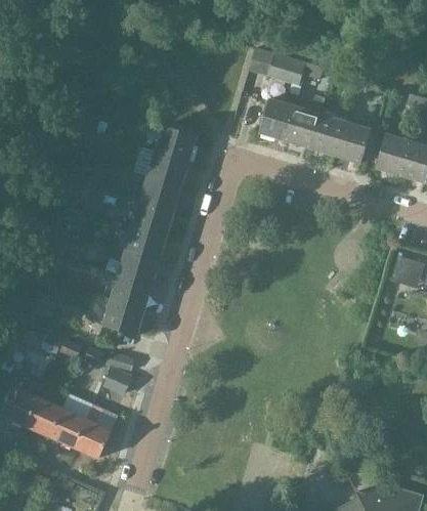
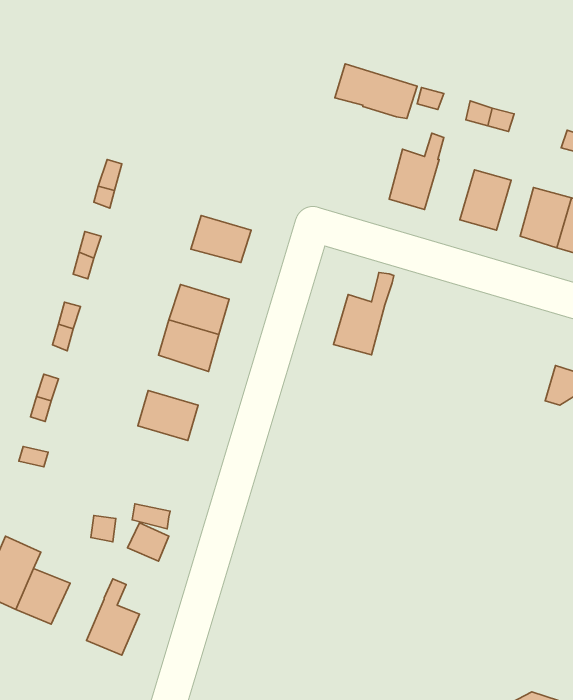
building: [258,84,300,141] -> [333,273,394,355]
building: [309,114,344,156] -> none
building: [154,126,196,163] -> none
building: [139,176,181,211] -> none
building: [117,250,159,285] -> none
building: [101,299,144,335] -> none
building: [49,409,86,449] -> none

